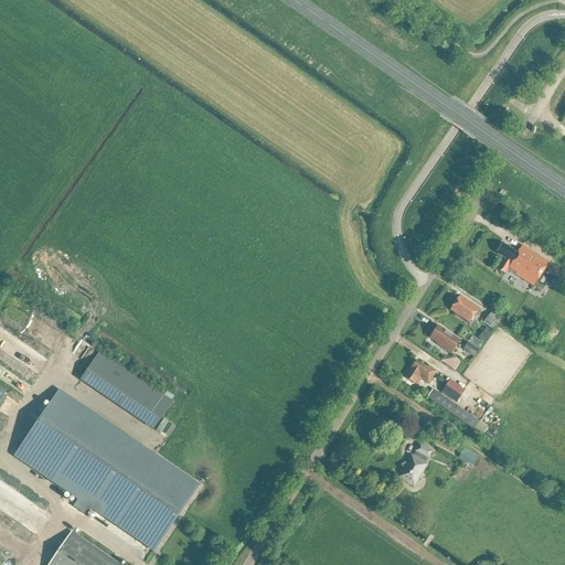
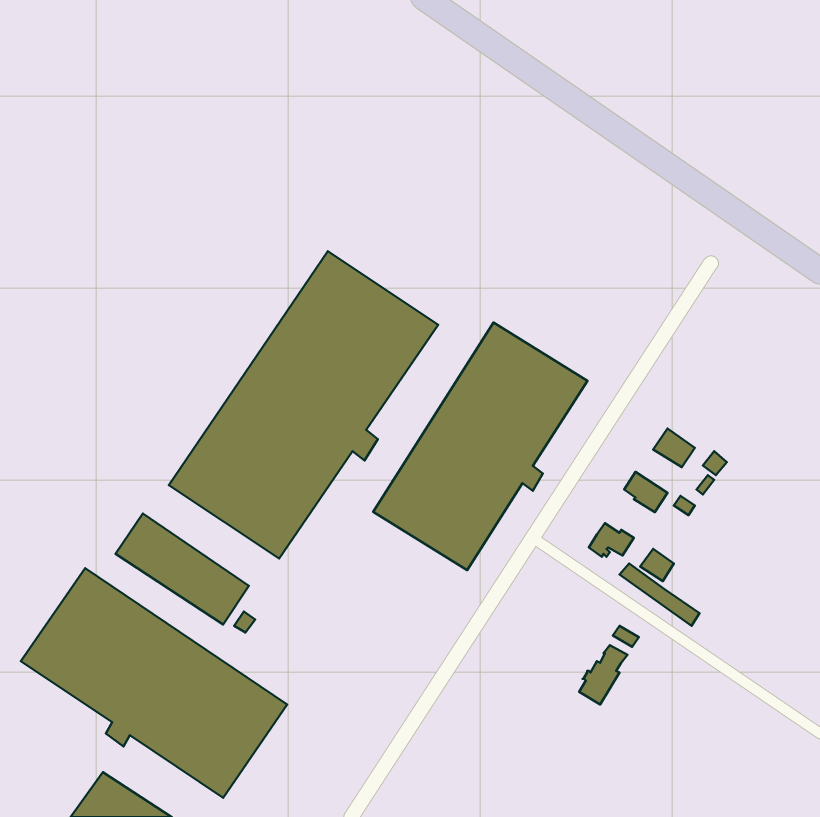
building: none -> [169,251,438,559]
building: none -> [373,322,588,570]
building: [495,243,547,282] -> none

